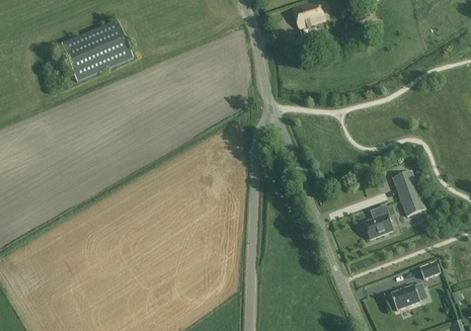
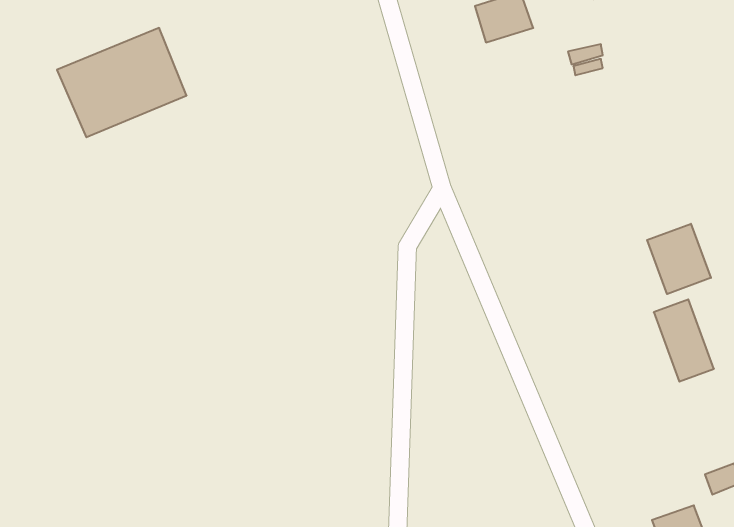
building: none -> [647,224,711,294]
building: [364,205,393,239] -> none

